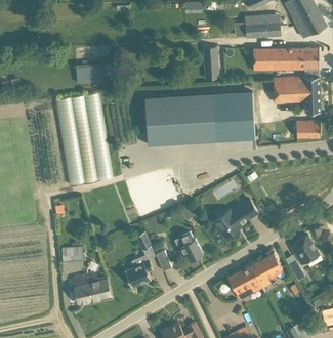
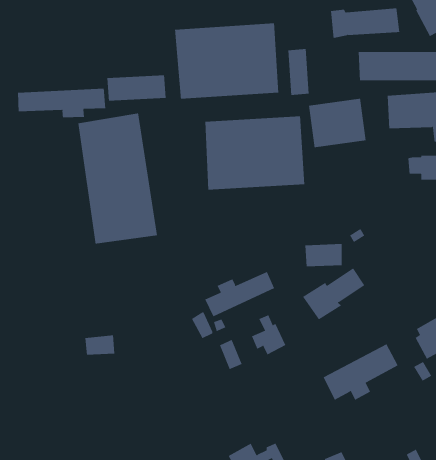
building: none -> [175,23,279,99]
building: none -> [17,88,106,118]
building: [231,126,257,142] -> [304,244,342,267]
building: none -> [204,271,275,317]
building: [124,254,153,287] -> none
building: [73,273,110,304] -> none

